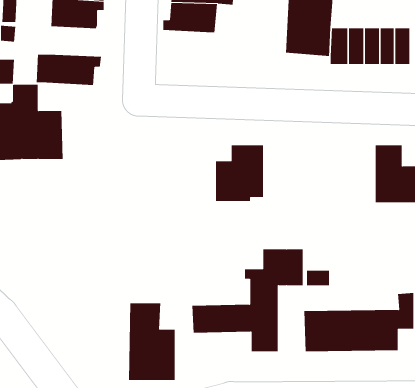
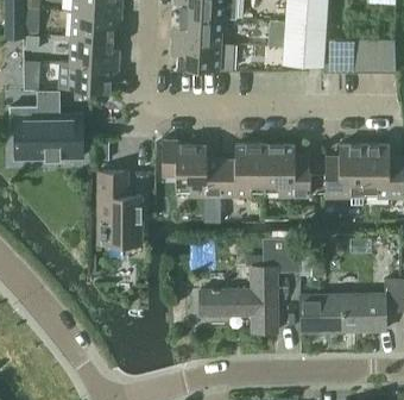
building: none -> [69,38,118,65]
building: none -> [171,42,233,71]
building: none -> [162,140,220,223]
building: none -> [264,145,309,196]
building: none -> [324,145,364,205]
building: [128,303,176,380] -> [97,173,140,243]

